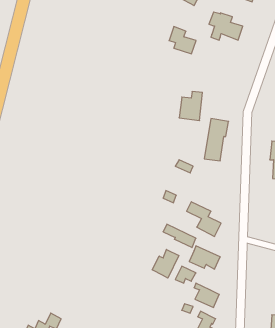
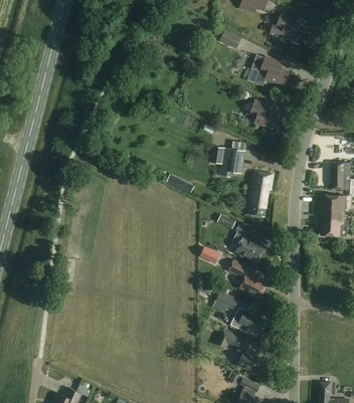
building: [169,27,196,54] -> [249,98,279,128]
building: none -> [232,224,266,261]
building: [152,249,179,278] -> none

